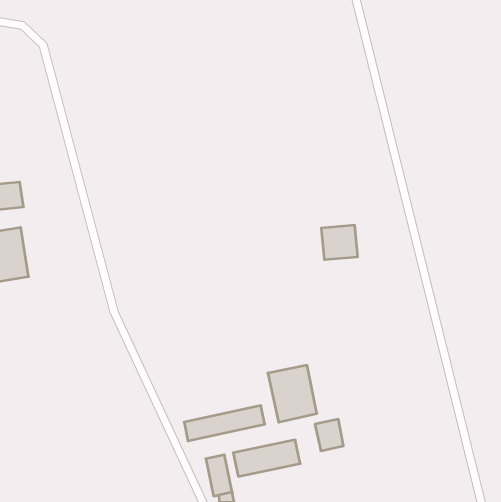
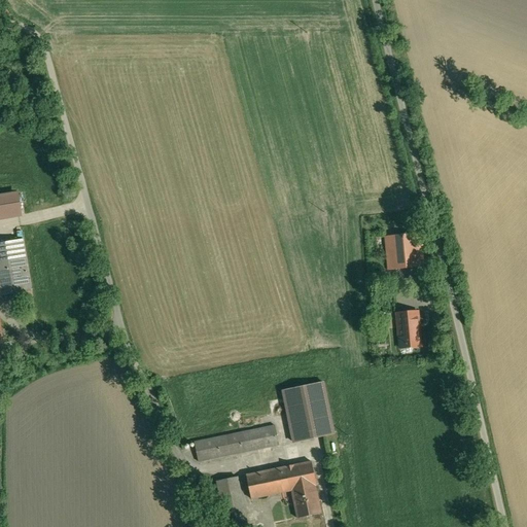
building: [321,225,358,260] -> [384,233,422,269]
building: none -> [394,311,419,347]
building: [315,419,343,451] -> [289,485,319,518]

